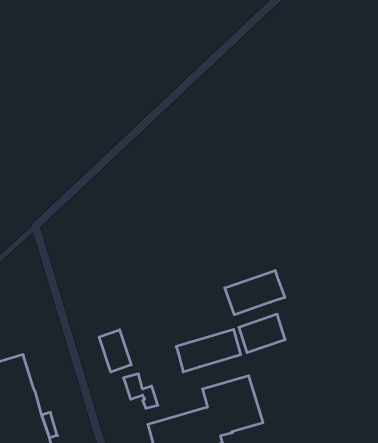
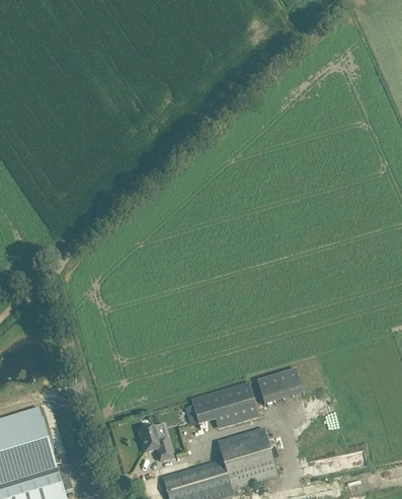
building: [225,270,285,315] -> none
building: [99,330,131,372] -> none

